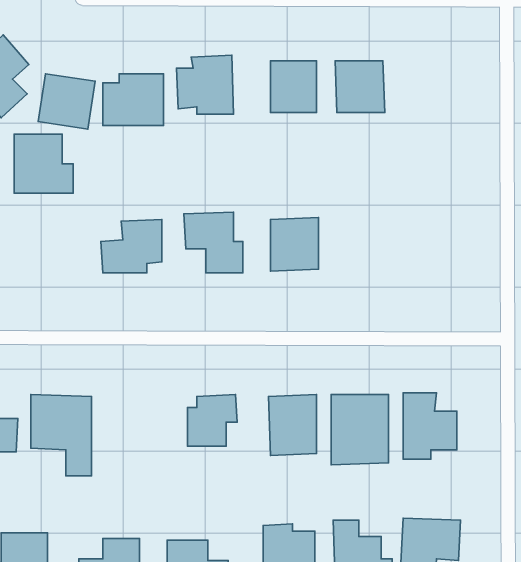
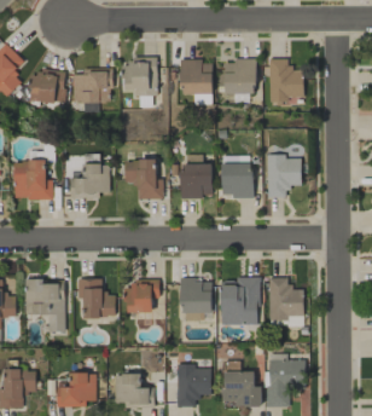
building: none -> [268,59,303,103]
building: [14,134,73,193] -> [14,161,53,200]
building: none -> [266,155,301,198]
building: none -> [222,163,254,197]
building: none -> [77,279,115,318]

